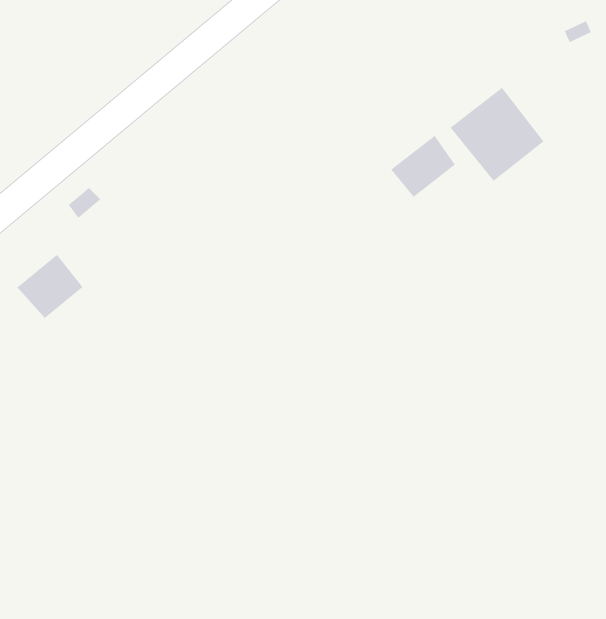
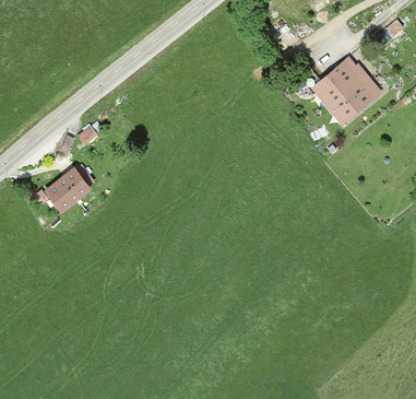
building: [390,135,456,198] -> none

